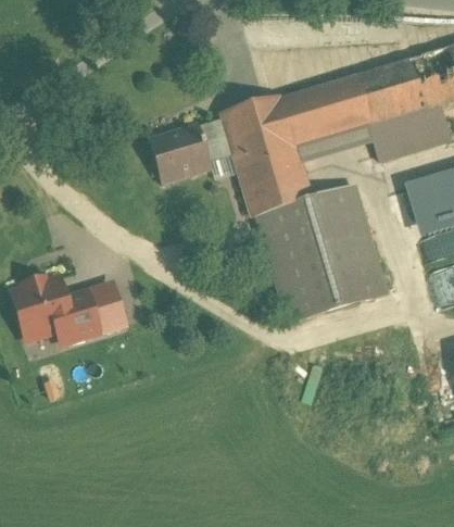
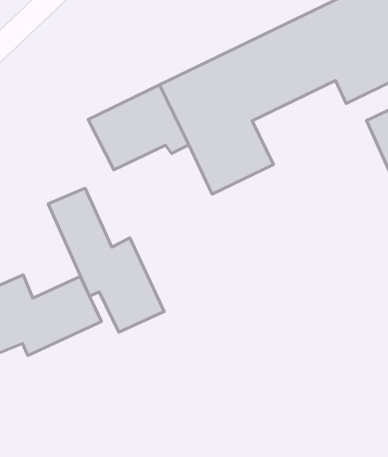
building: [252,189,394,321] -> none
building: none -> [48,188,164,332]

